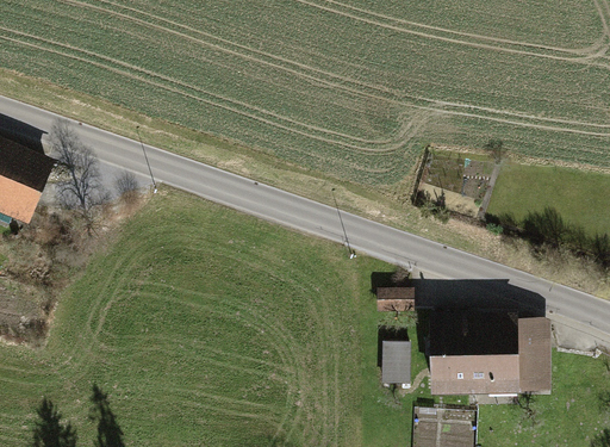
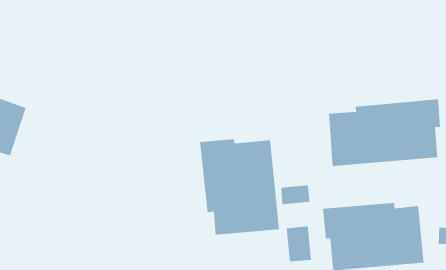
building: none -> [328,98,441,167]
building: none -> [200,138,279,236]

